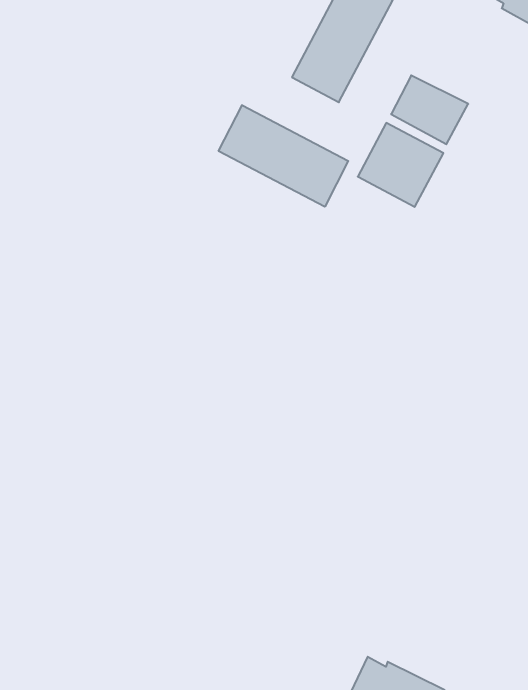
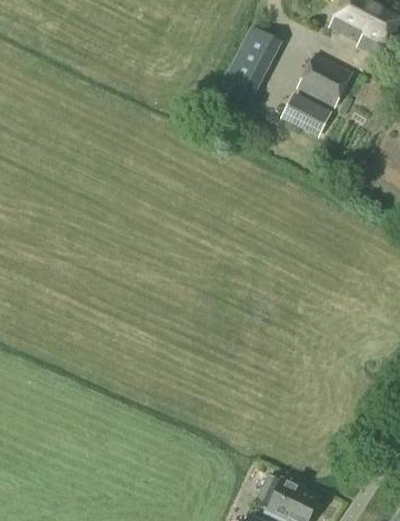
building: [219,105,348,207] -> none
building: [358,123,443,207] -> [297,51,353,107]

